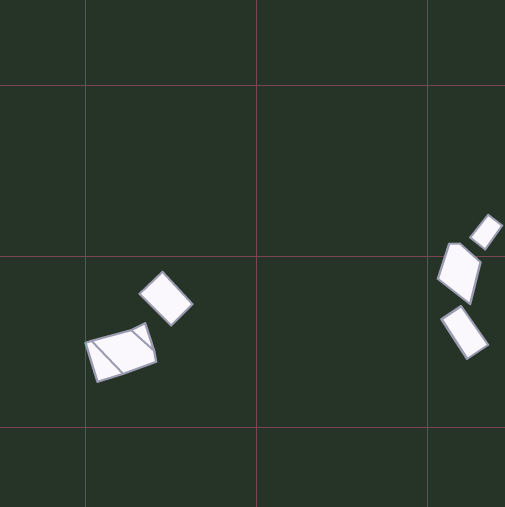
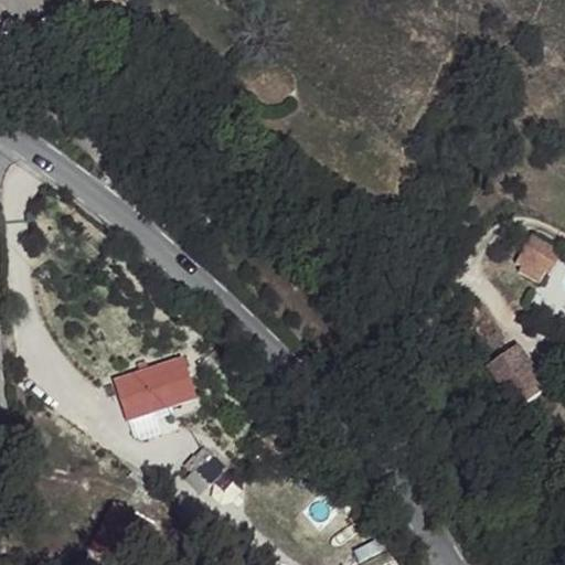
building: [438,243,480,304] -> none
building: [140,272,193,325] -> none

